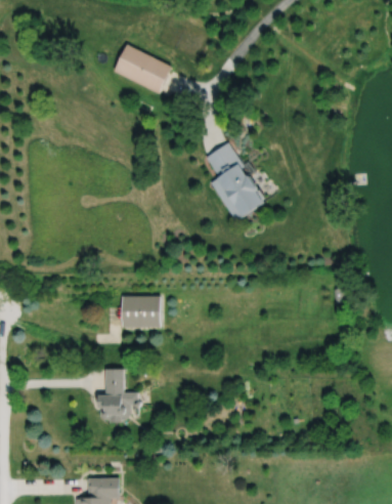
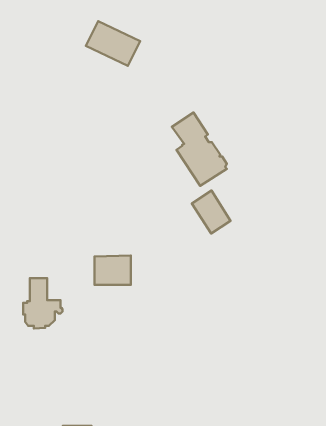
building: none -> [192,191,230,233]
building: [98,370,140,424] -> [23,278,62,329]

